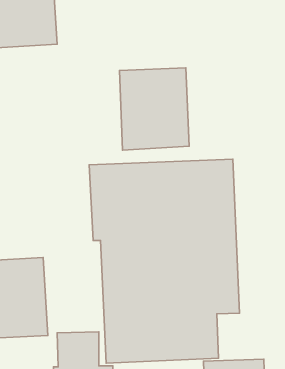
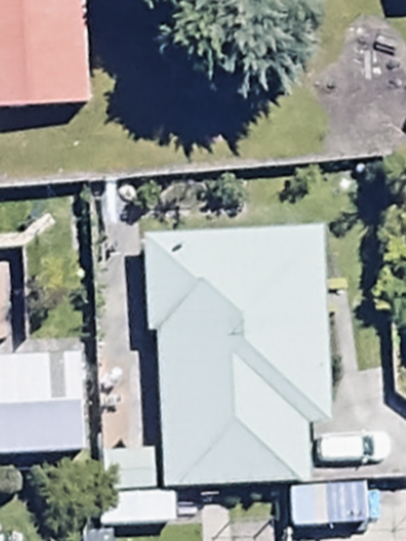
building: [119,68,189,150] -> none

